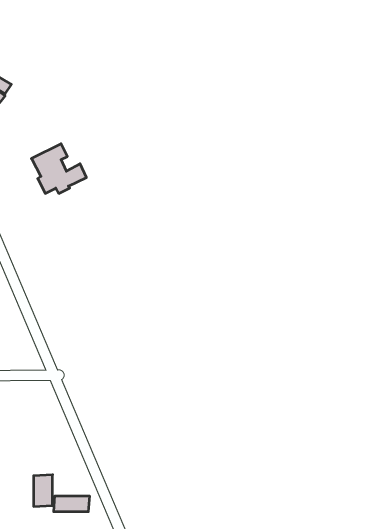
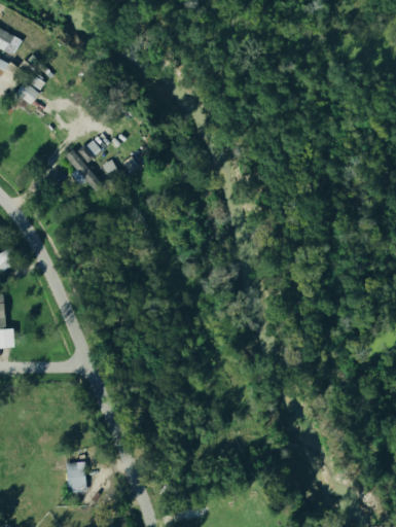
building: [54,496,89,512] -> none

